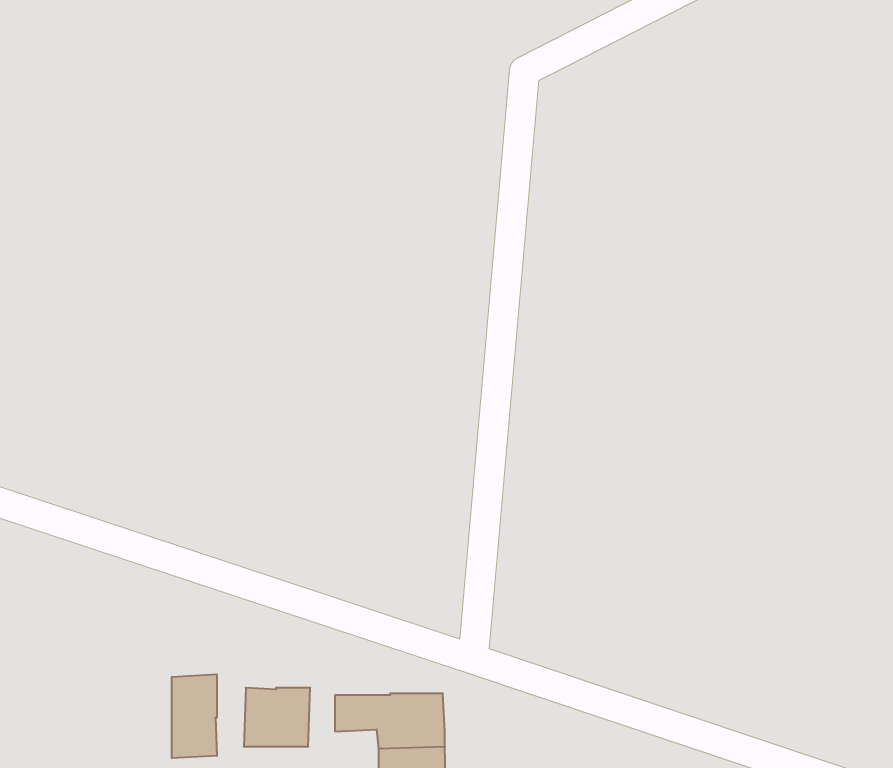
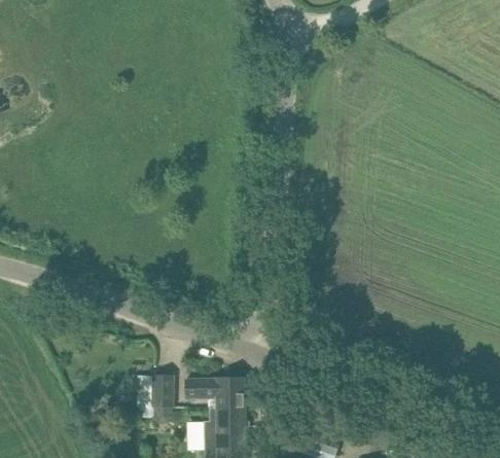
building: [172,674,217,758] -> none

